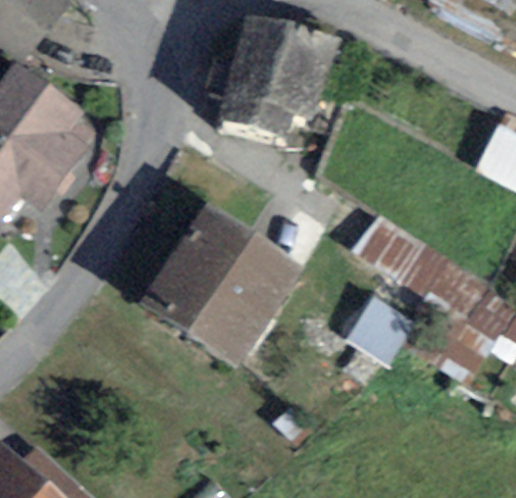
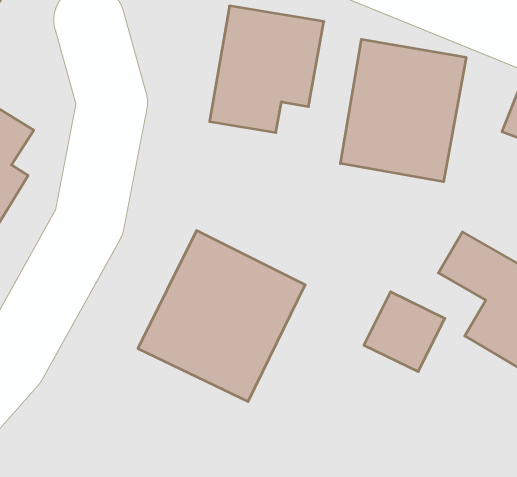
building: none -> [340,39,466,182]

